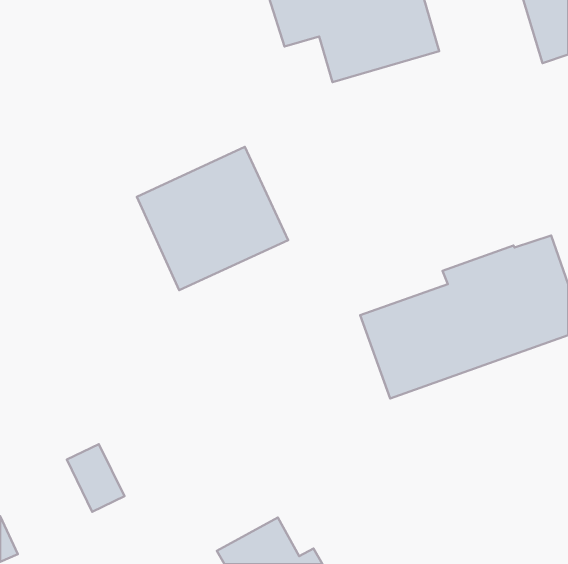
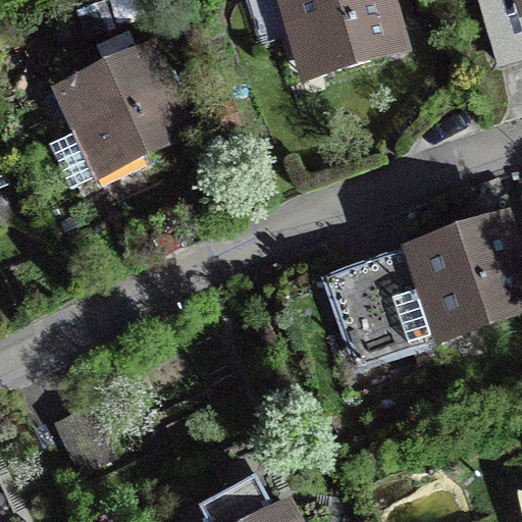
building: [137,147,288,290] -> [54,46,193,177]

